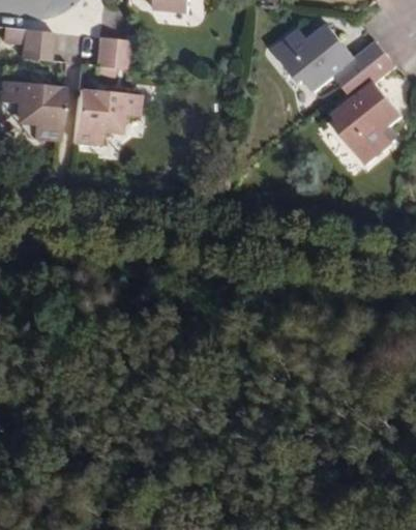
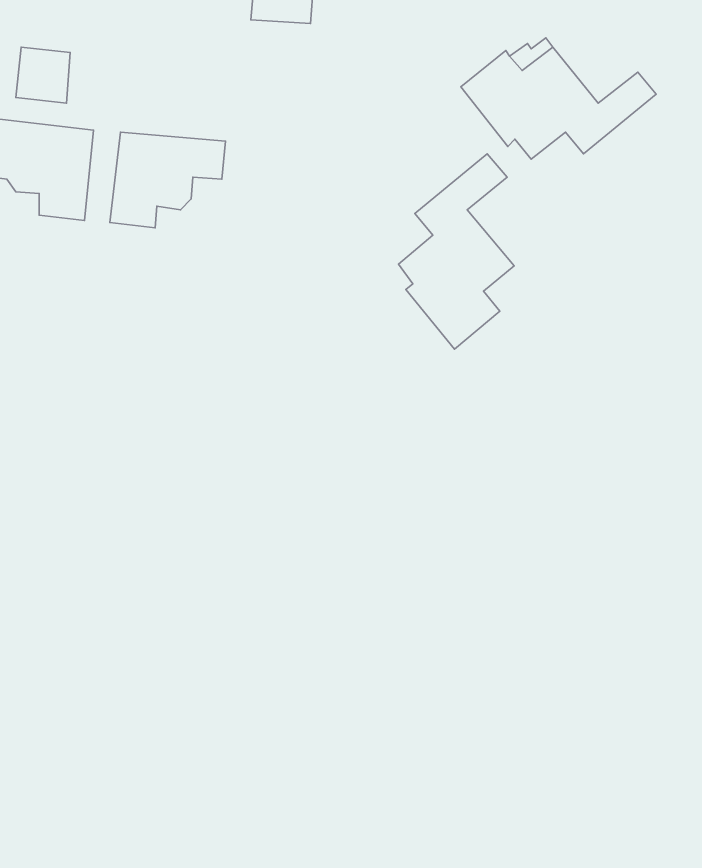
building: [96,38,128,69] -> none
building: [336,57,403,169] -> [399,154,514,349]

